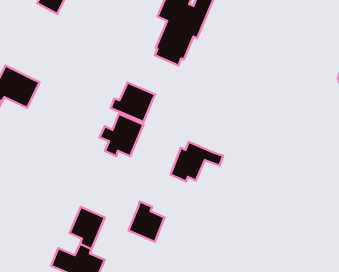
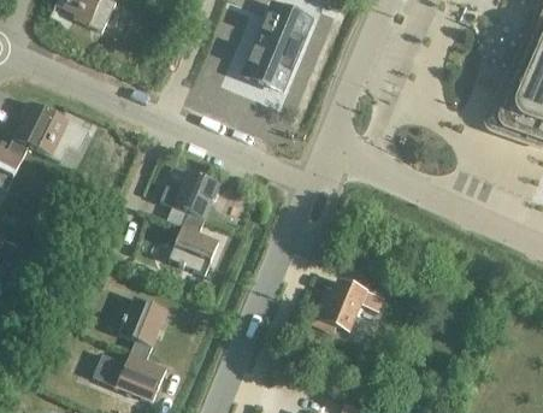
building: [111,82,155,122] -> none
building: [170,142,223,181] -> [314,278,386,332]
building: [128,202,165,242] -> [170,219,219,275]

